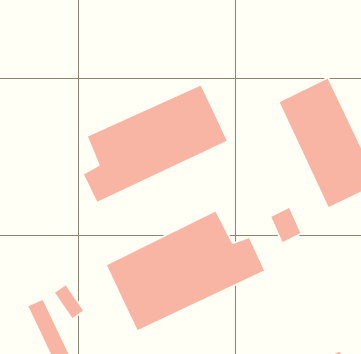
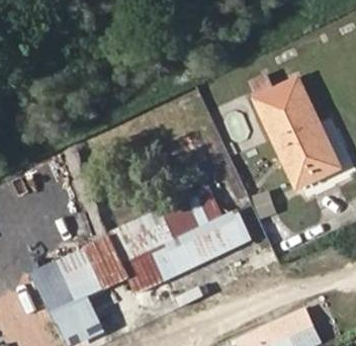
building: [83,84,228,203] -> none
building: none -> [87,236,125,277]

